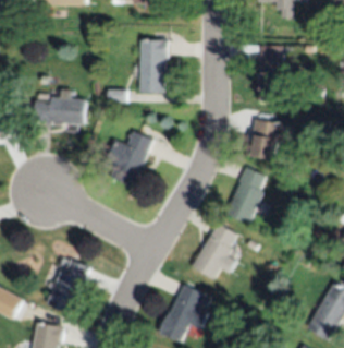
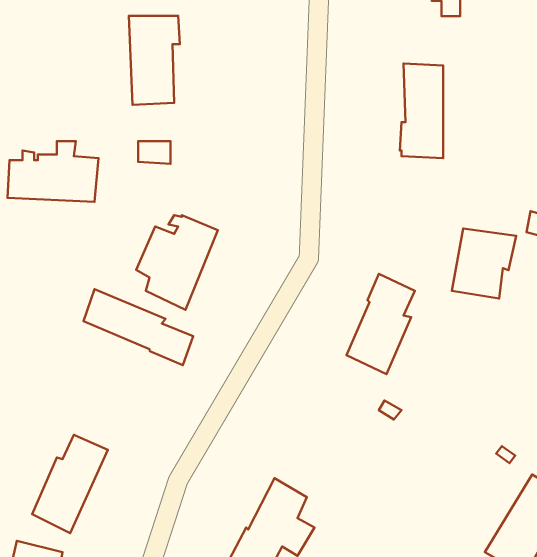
building: [139,41,169,93] -> [129,16,180,105]
building: [248,119,285,159] -> [452,228,516,298]
building: none -> [83,289,193,365]
building: [192,224,236,279] -> none

